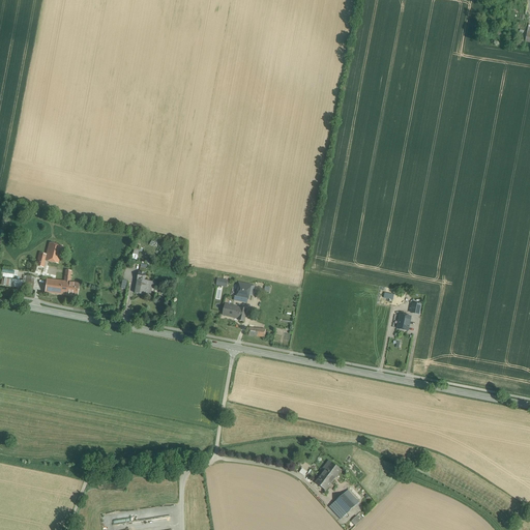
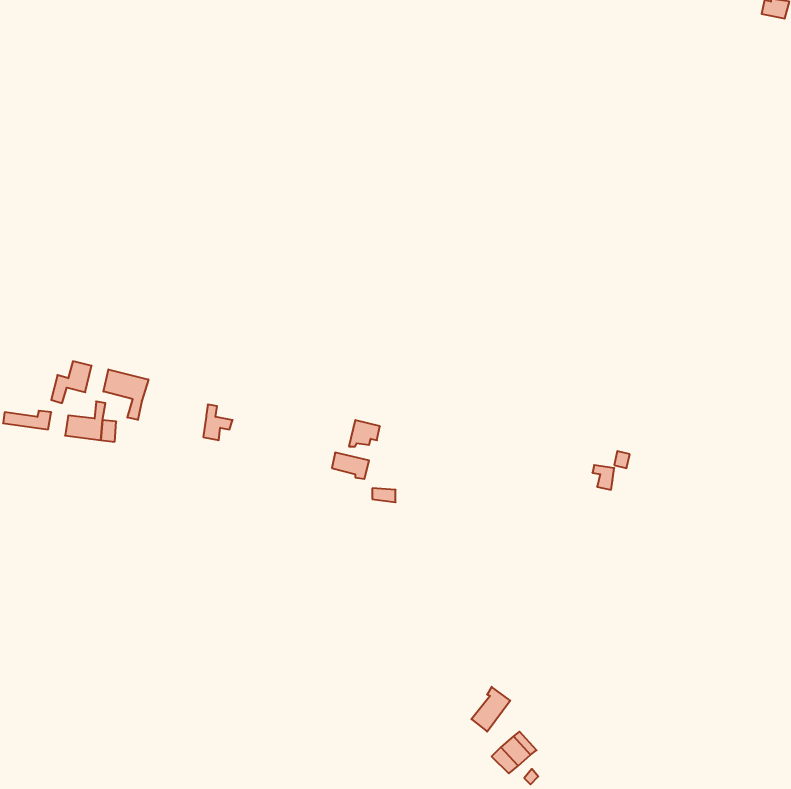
building: none -> [103,369,148,420]

